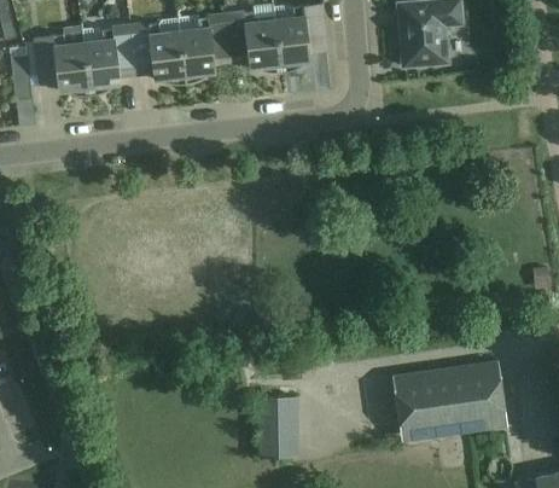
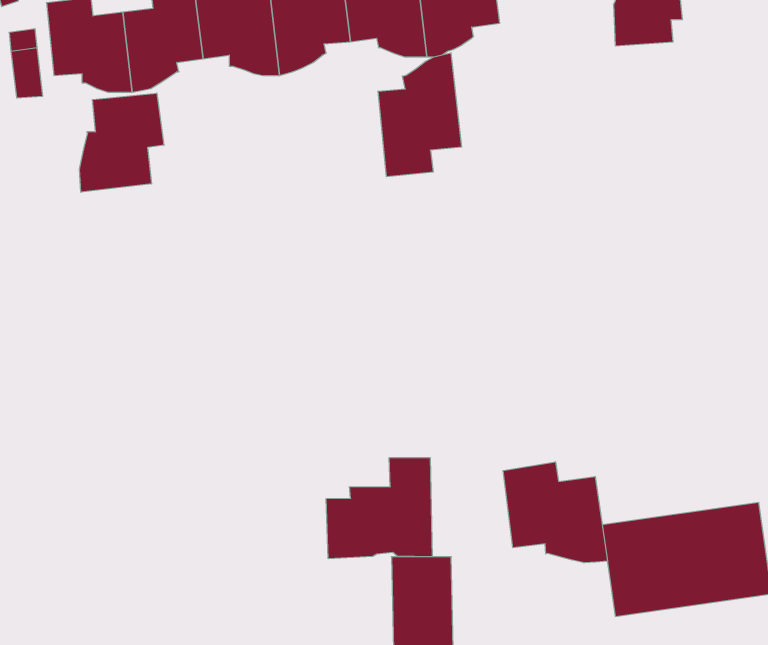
building: none -> [378,53,461,177]
building: none -> [80,93,164,192]
building: none -> [326,458,432,559]
building: none -> [503,462,607,563]

